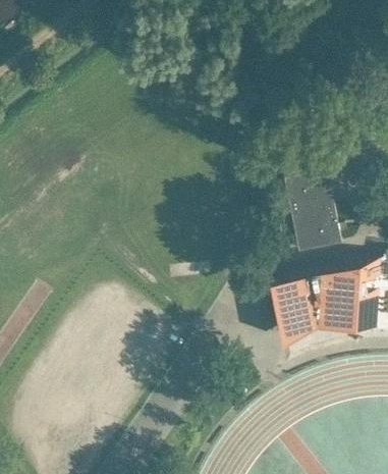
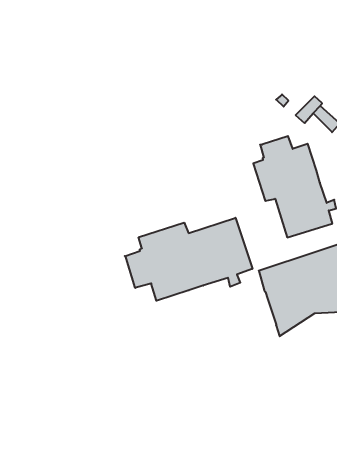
building: none -> [125,218,252,301]

